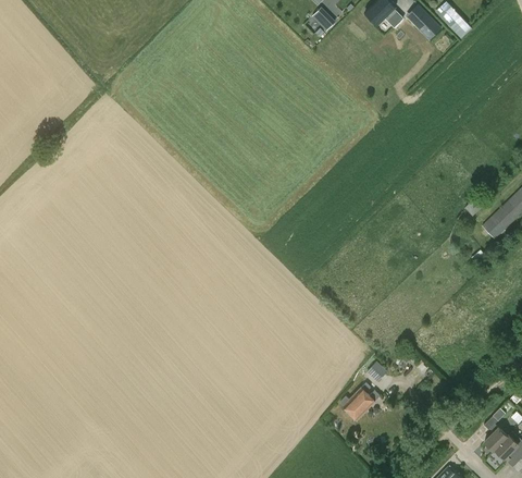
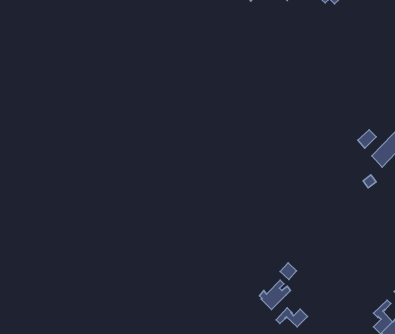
building: none -> [276,308,308,327]

